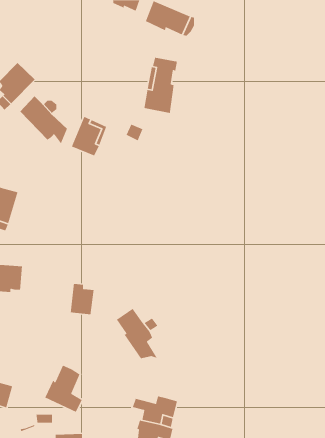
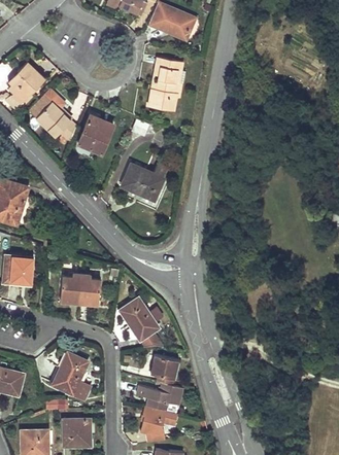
building: none -> [122,164,168,202]
building: none -> [60,274,80,304]
building: none -> [150,355,176,385]

